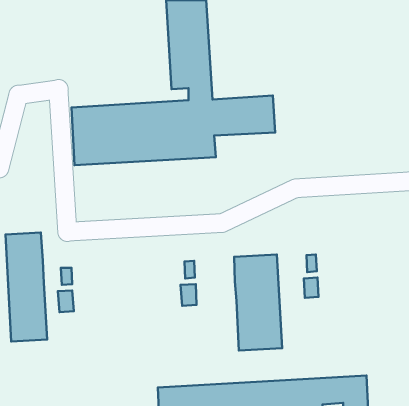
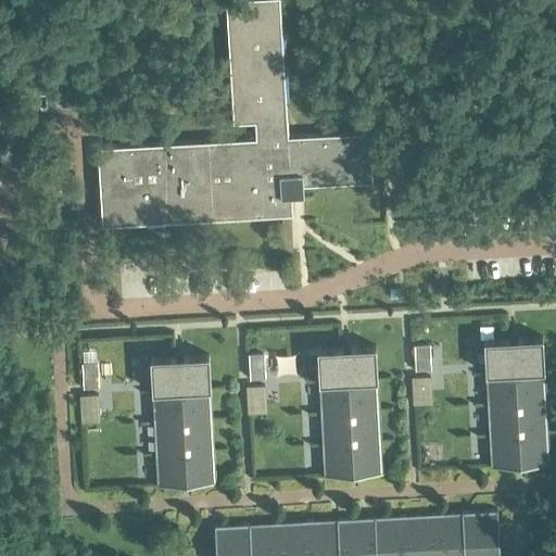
building: [5,232,47,342] -> none
building: none -> [483,341,548,471]
building: none -> [150,359,215,490]

